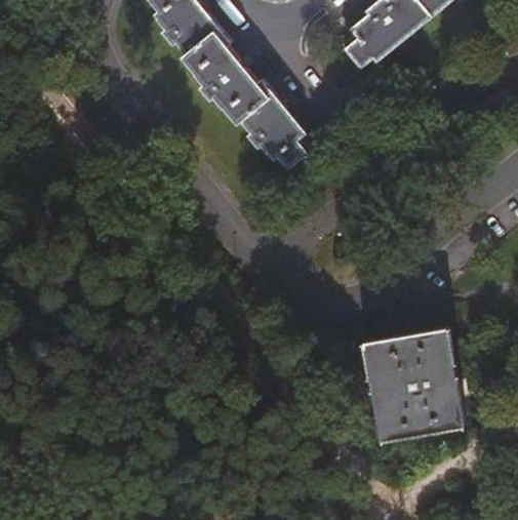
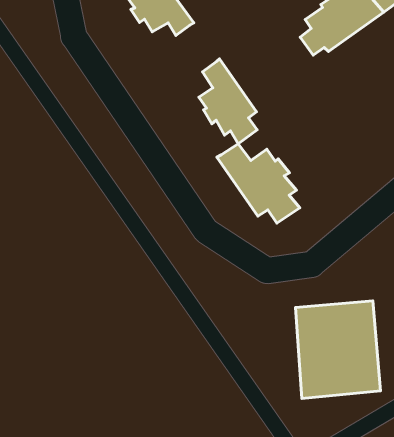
building: [184,44,258,125] -> none
building: none -> [217,144,300,223]

